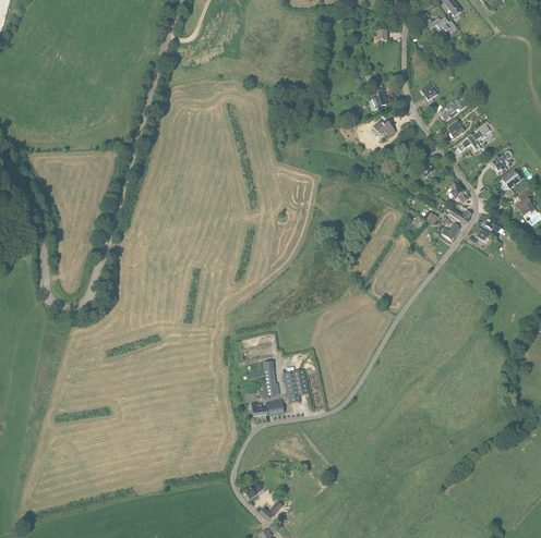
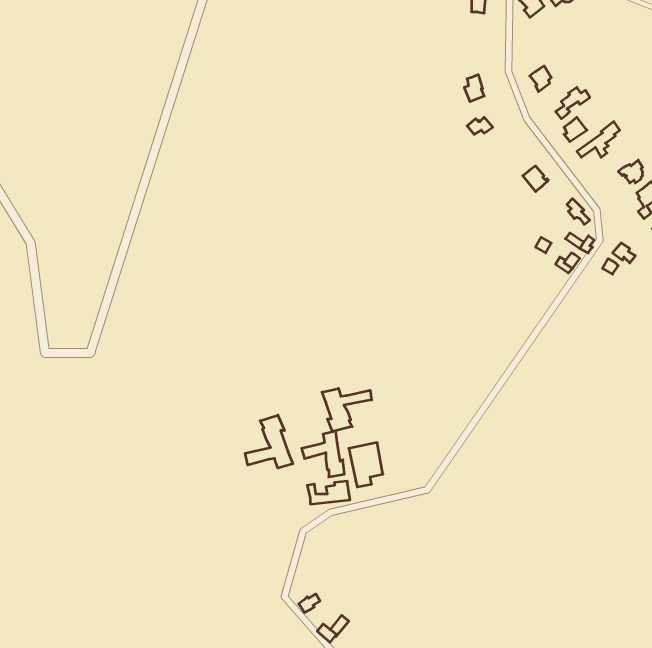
building: none -> [322,388,372,431]
building: none -> [245,415,293,468]

